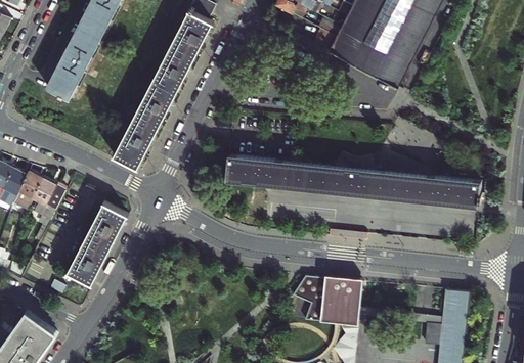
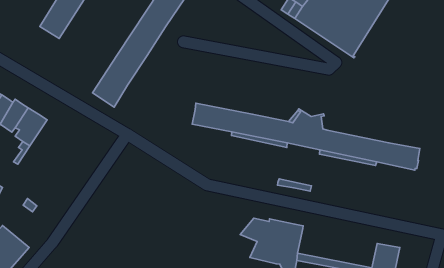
building: [67,201,128,284] -> none

